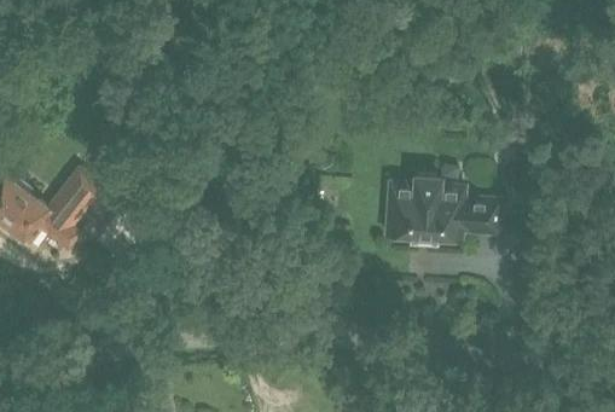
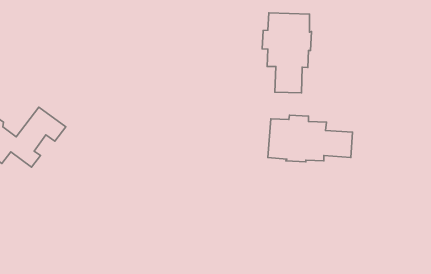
building: none -> [262,13,311,93]

